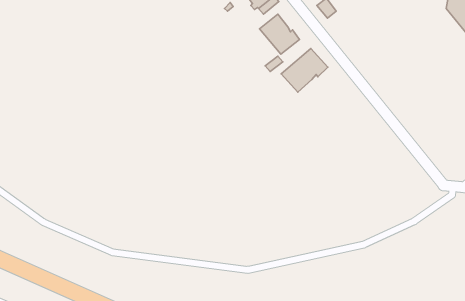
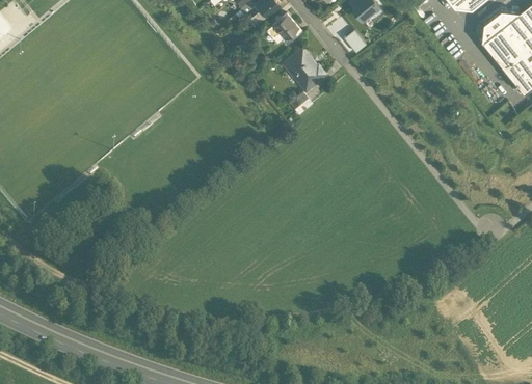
building: [281,49,328,92] -> none

